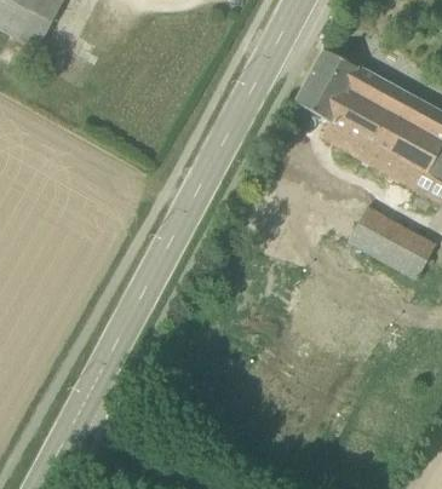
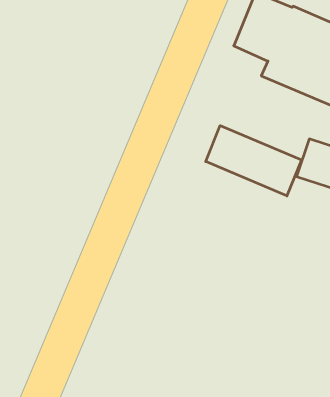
building: none -> [206,126,301,196]

